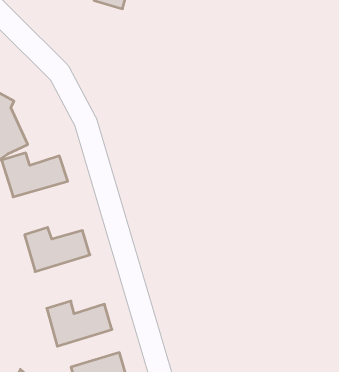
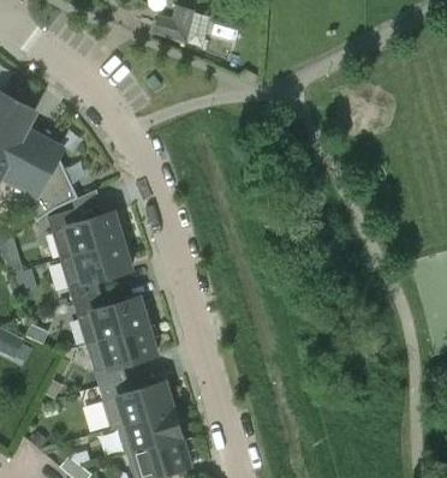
building: none -> [60,240,131,301]
building: none -> [85,324,156,386]
building: none -> [111,410,181,453]

